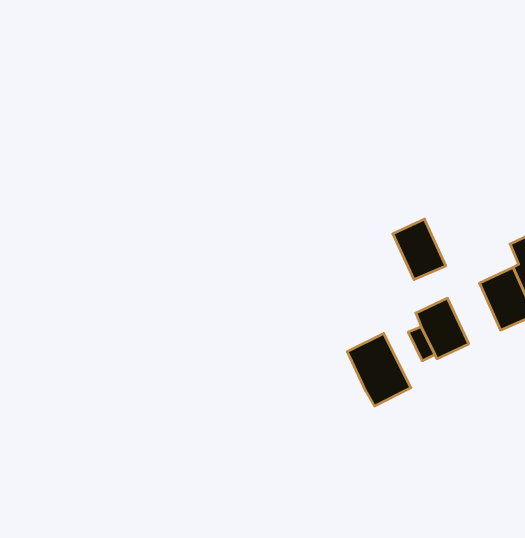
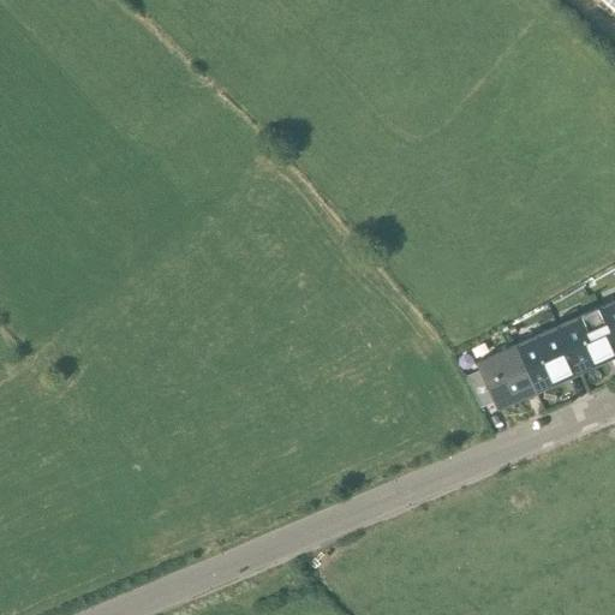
building: [393,219,446,280] -> [526,321,586,389]
building: [347,333,411,406] -> none

